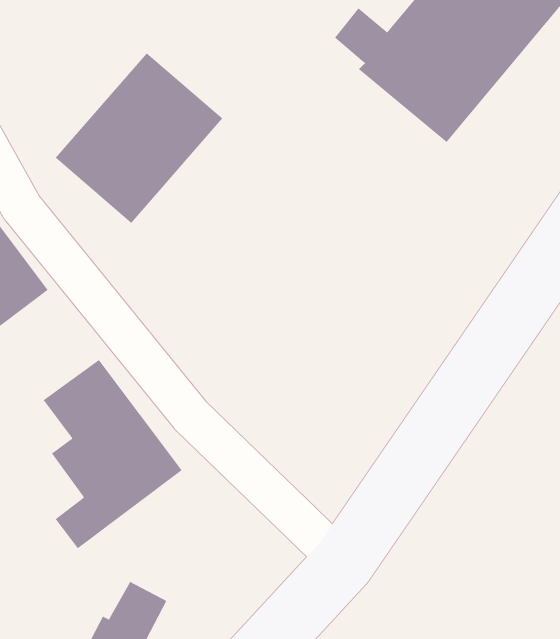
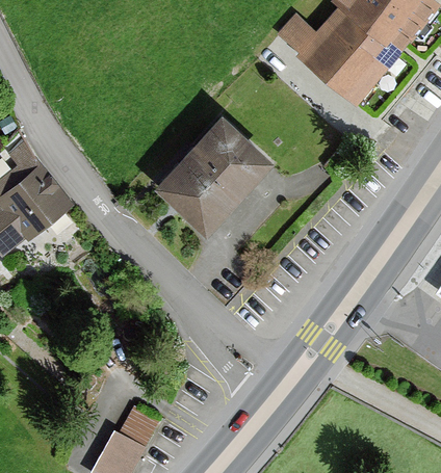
building: [55,53,223,224] -> [151,116,267,235]
building: [43,359,183,549] -> none

